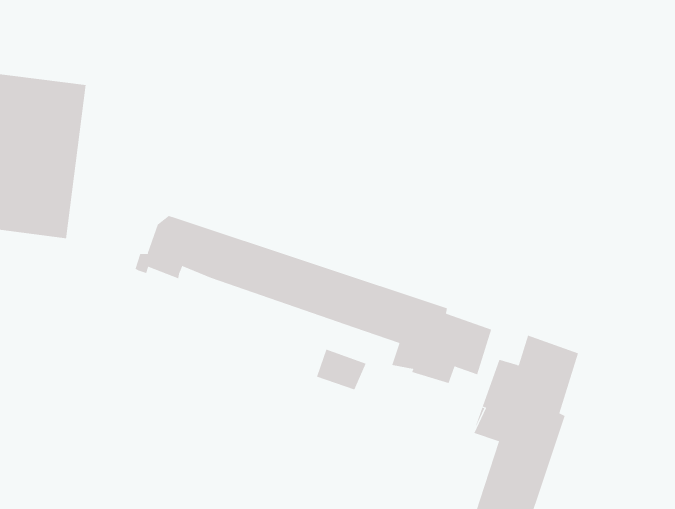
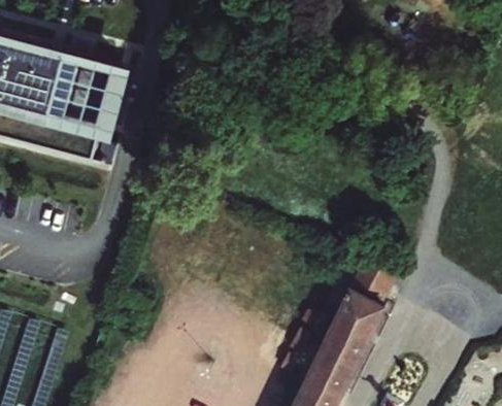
building: [135,215,492,384] -> none

